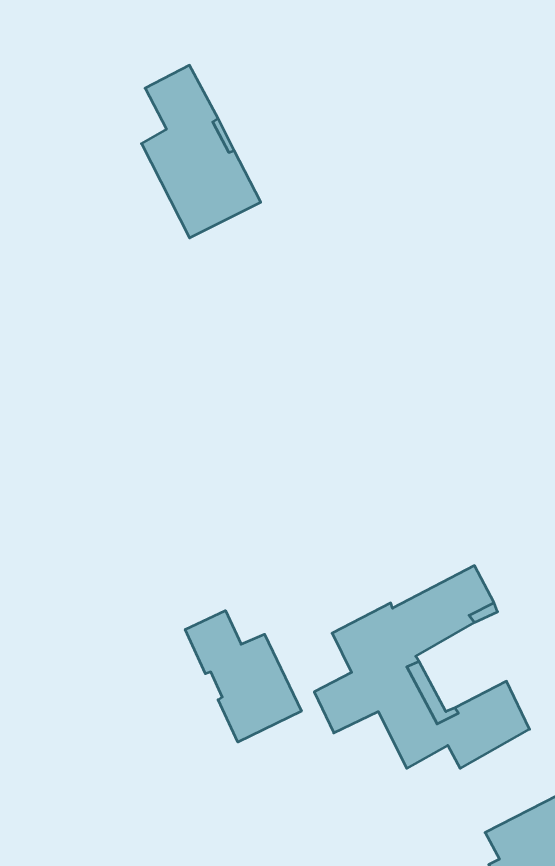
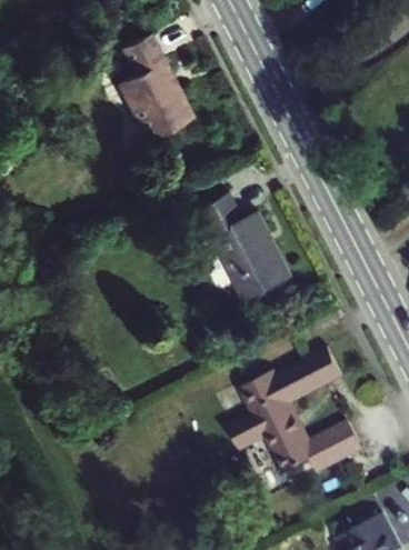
building: none -> [198,202,295,312]
building: [185,611,301,742] -> none

